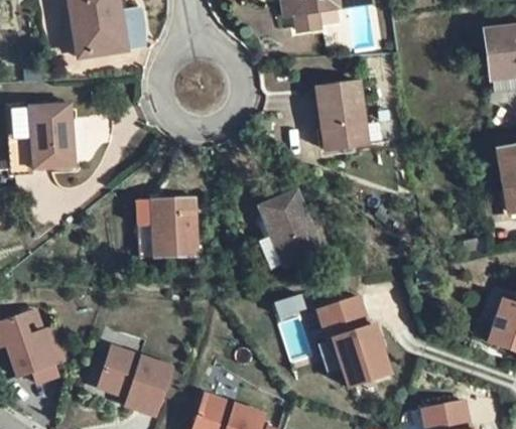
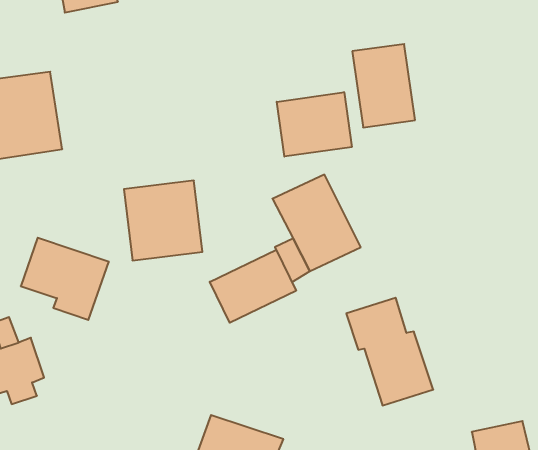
building: none -> [277,92,352,157]
building: none -> [210,250,296,323]
building: [99,344,172,413] -> [21,238,109,320]

